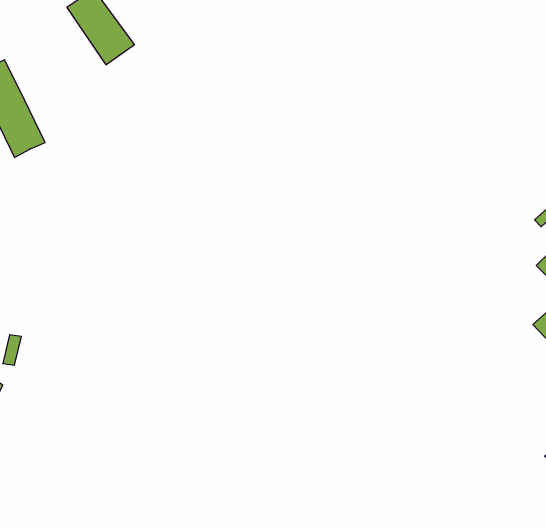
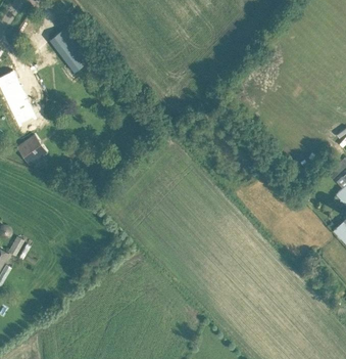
building: none -> [17,135,46,164]

